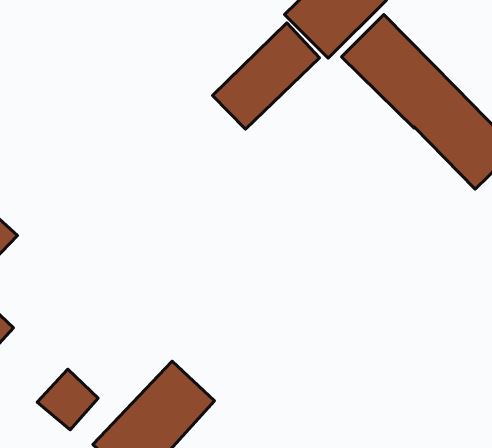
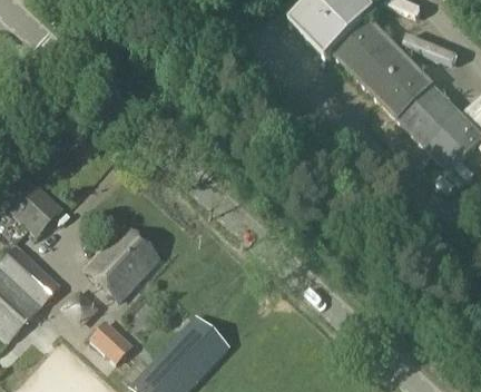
building: [213,23,320,129] -> none
building: none -> [86,225,159,298]

